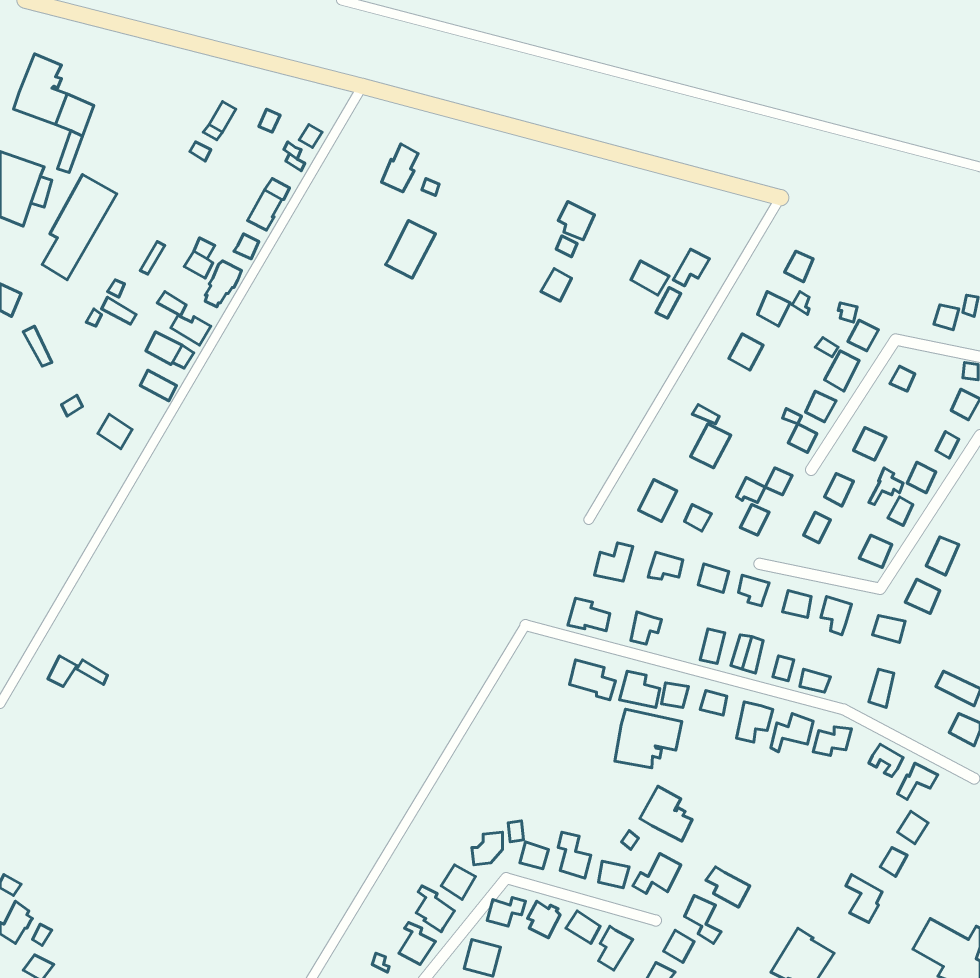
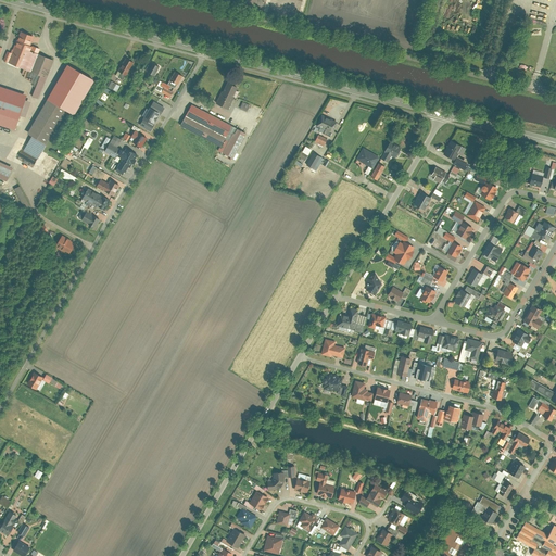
building: none -> [47,65,93,115]
building: none -> [180,105,231,148]
building: [615,709,682,768] -> none
building: [640,786,692,841] -> none

